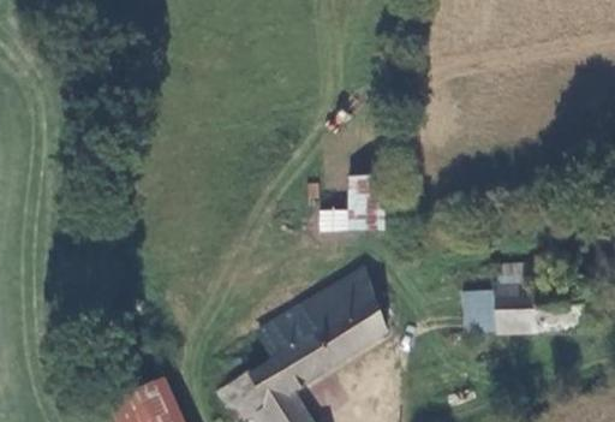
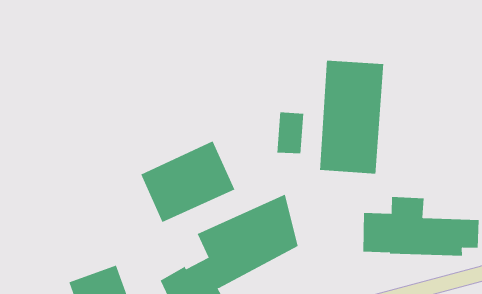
building: none -> [319,60,384,175]
building: none -> [140,141,235,223]

